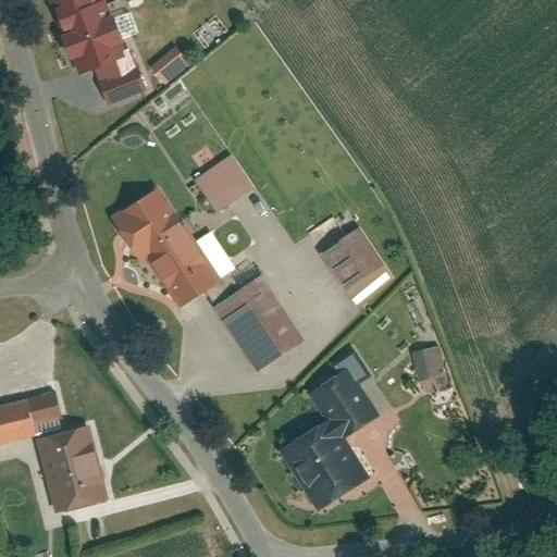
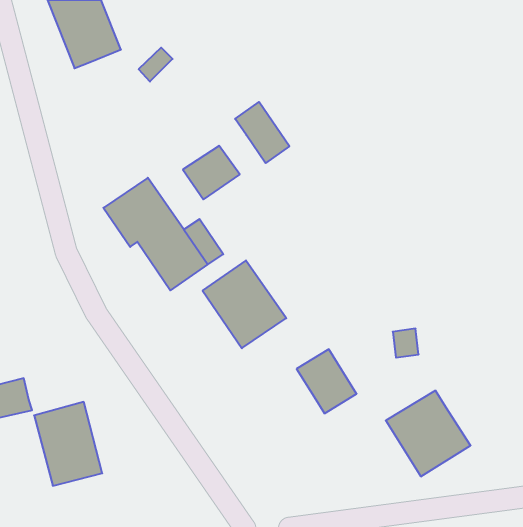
building: [95,52,145,102] -> none
building: none -> [235,102,289,163]
building: [319,227,392,304] -> none
building: [25,393,60,422] -> none
building: [278,419,368,509] -> [386,391,471,476]

